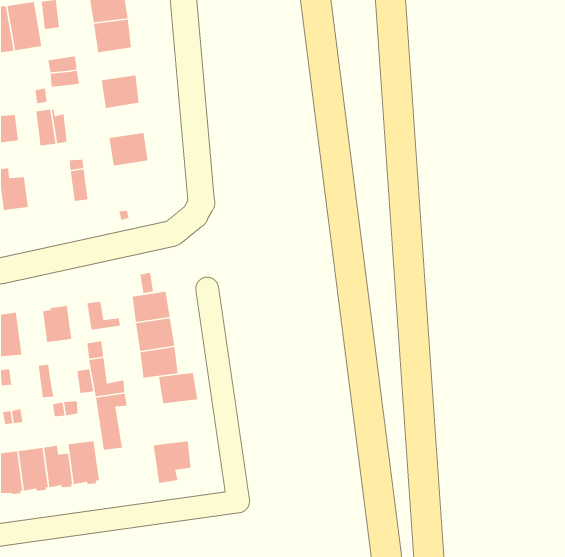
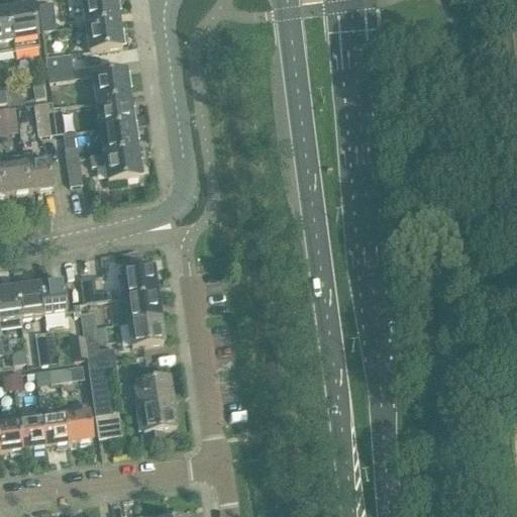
building: none -> [97,94,132,125]
building: none -> [90,146,140,178]
building: none -> [23,157,53,189]
building: none -> [16,282,43,315]
building: [158,372,198,404] -> [136,376,173,405]
building: none -> [95,407,122,436]

